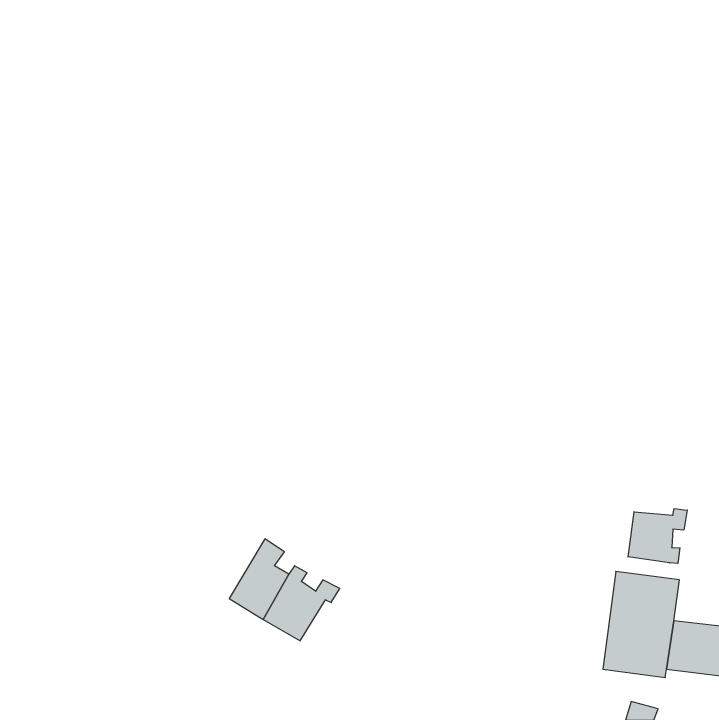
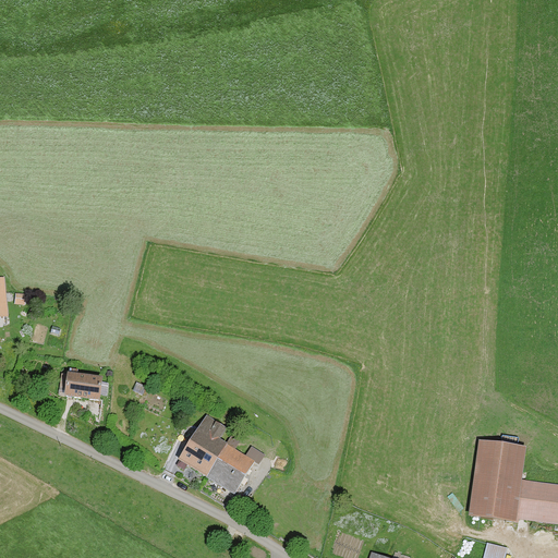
building: none -> [64,371,102,400]
building: [628,509,687,563] -> none

